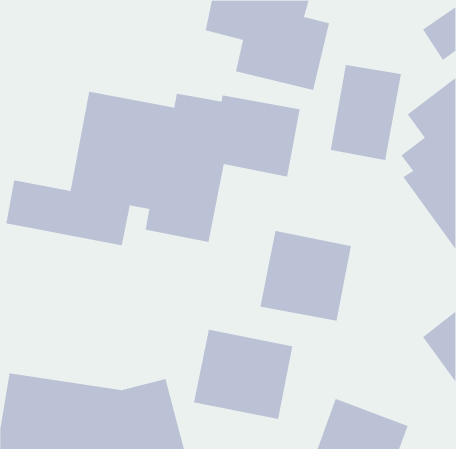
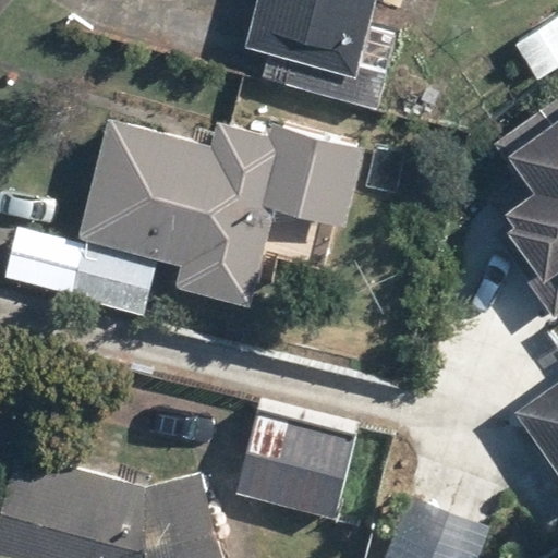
building: [330,64,401,161] -> none
building: [260,230,352,322] -> none

